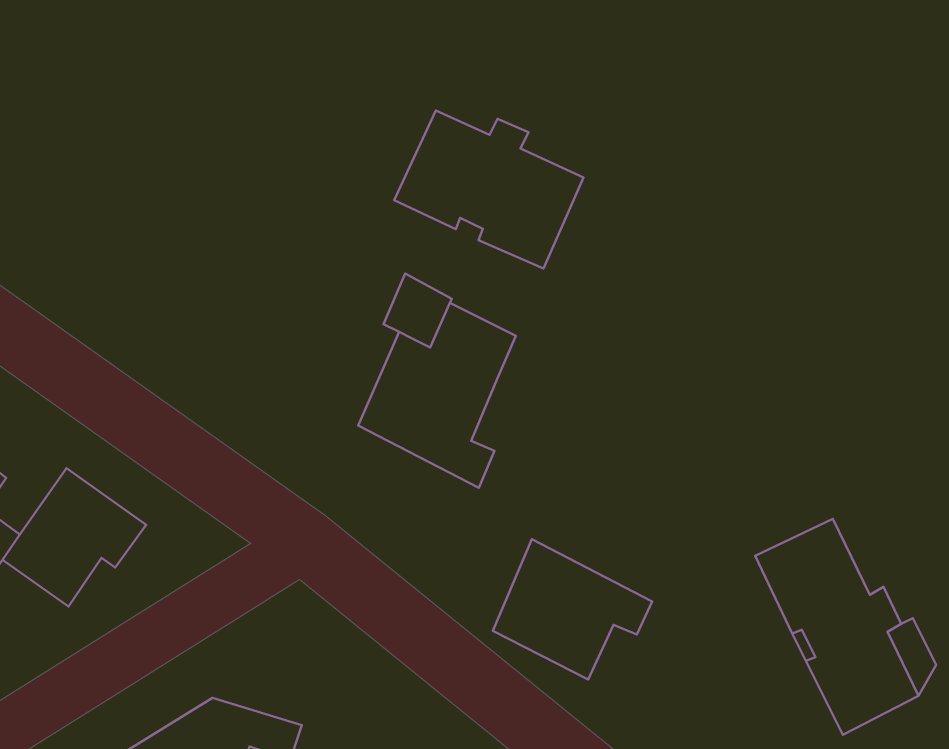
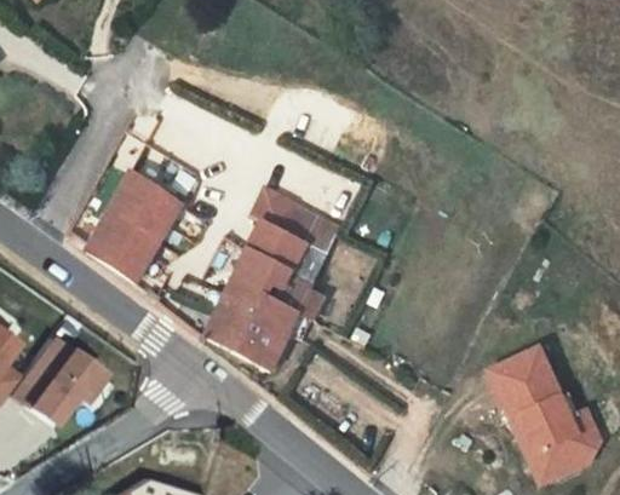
building: [394,111,584,269] -> none
building: none -> [98,182,184,297]
building: [493,539,652,679] -> [211,293,310,380]

